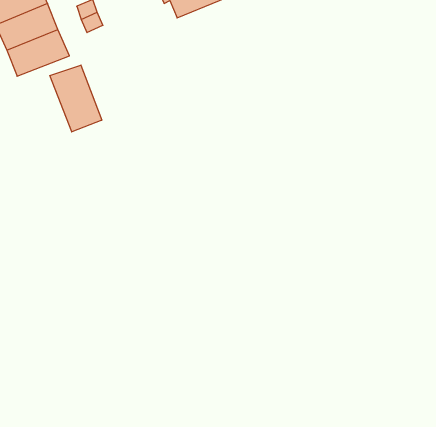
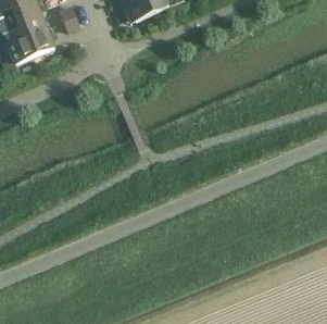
building: [50,65,102,132] -> none

